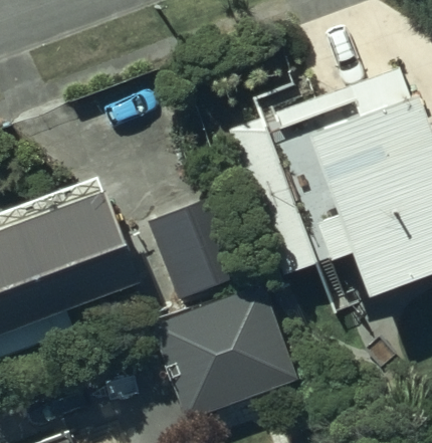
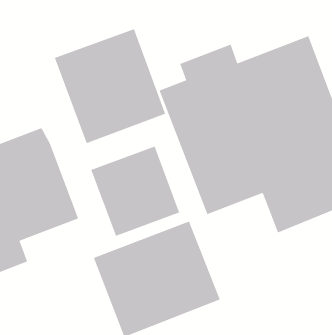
building: none -> [54,28,166,144]

